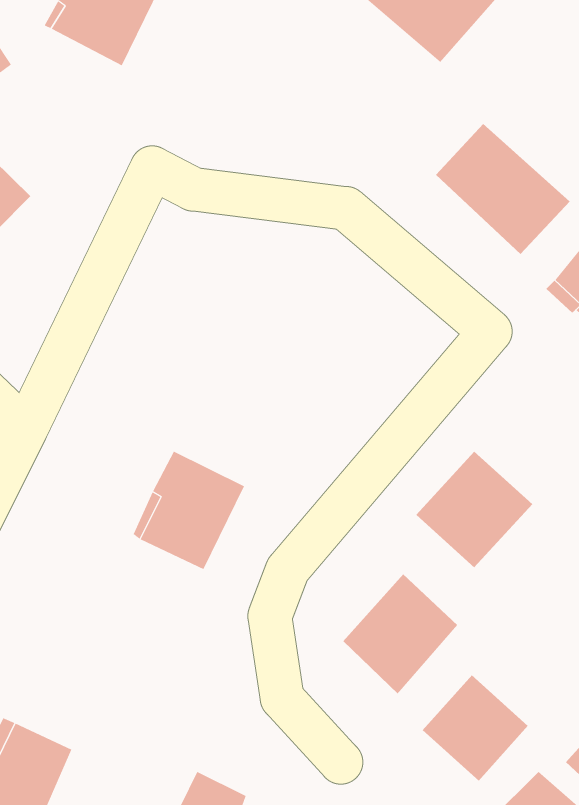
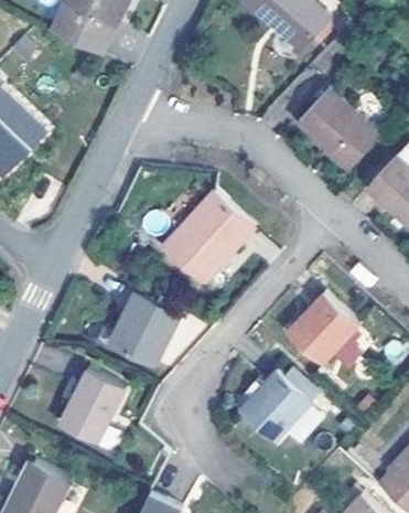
building: none -> [160,194,251,286]
building: none -> [58,365,126,441]
building: [422,675,529,781] -> none

